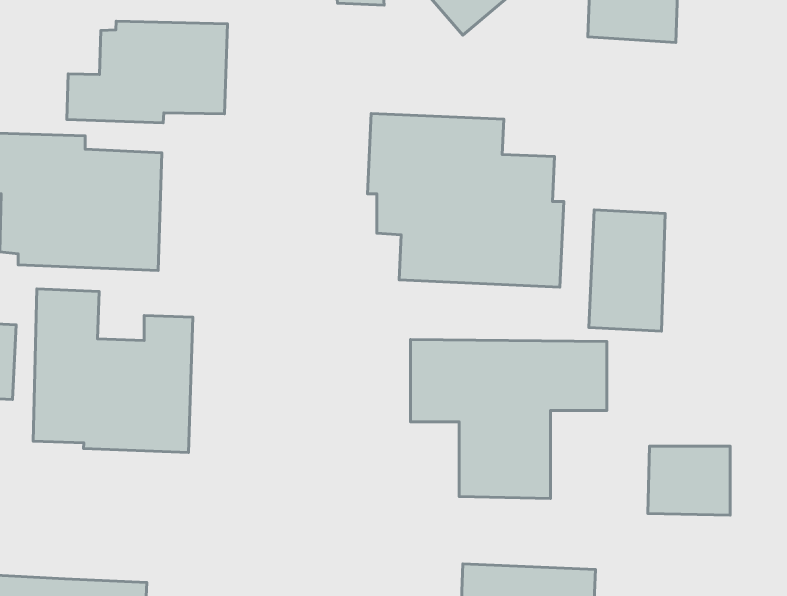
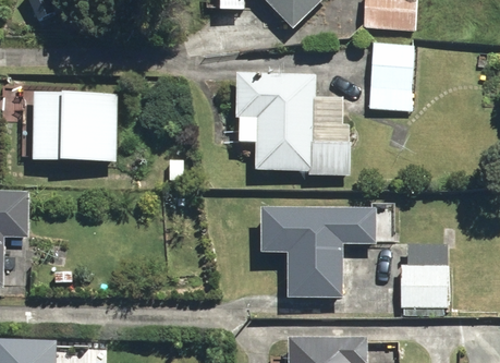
building: [67,21,227,123] -> none
building: [589,210,665,331] -> [367,39,412,110]
building: [33,289,193,452] -> none

